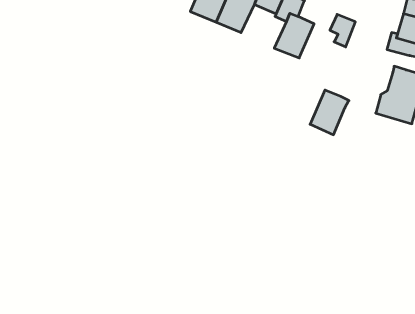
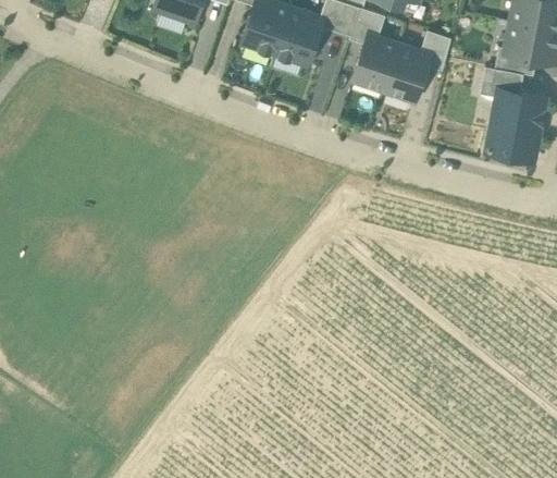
building: none -> [480,68,523,98]
building: [310,90,349,135] -> [384,45,431,100]

